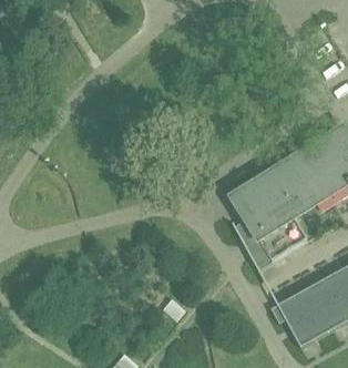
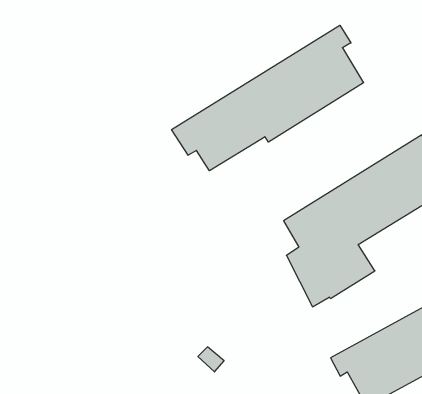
building: none -> [172,25,364,171]

